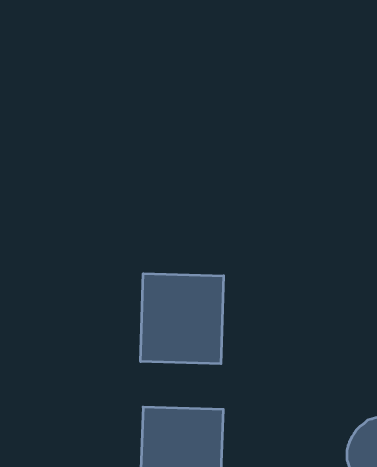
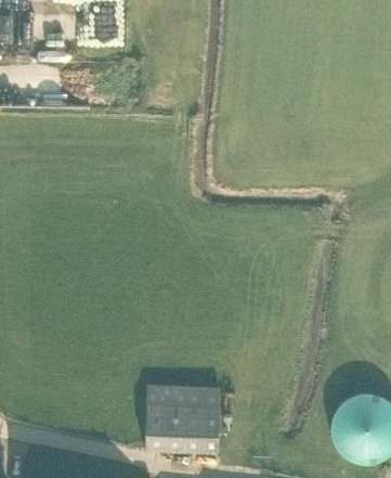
building: [141,274,224,364] -> none

